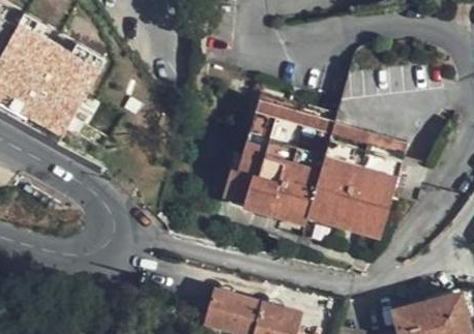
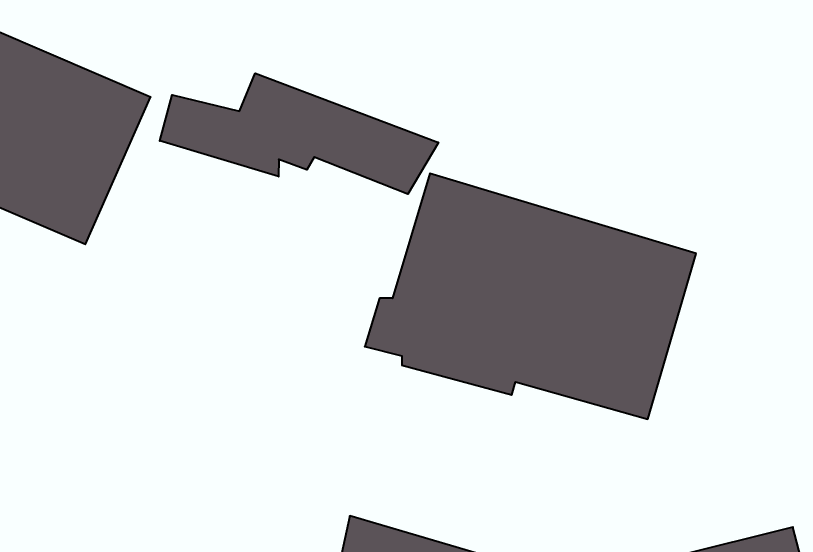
building: none -> [160,73,438,194]

